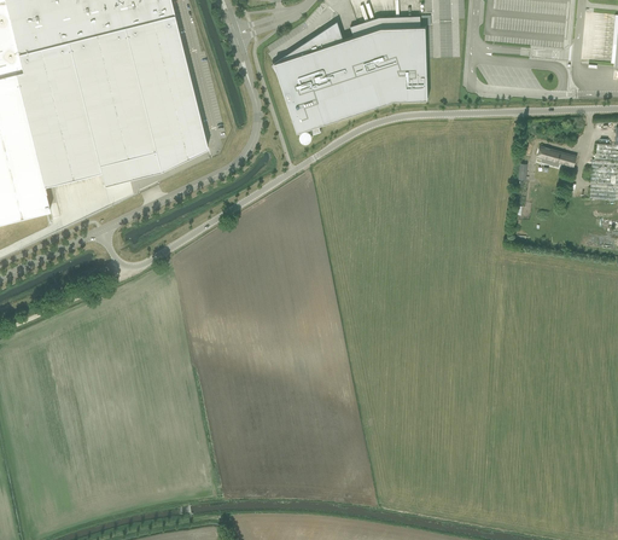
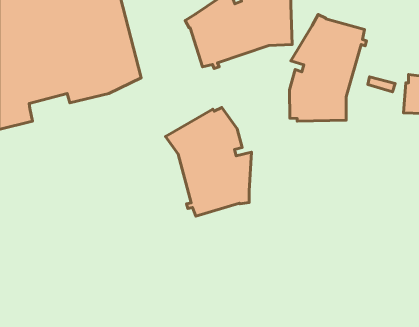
building: none -> [289,14,367,121]
building: none -> [166,107,251,216]

